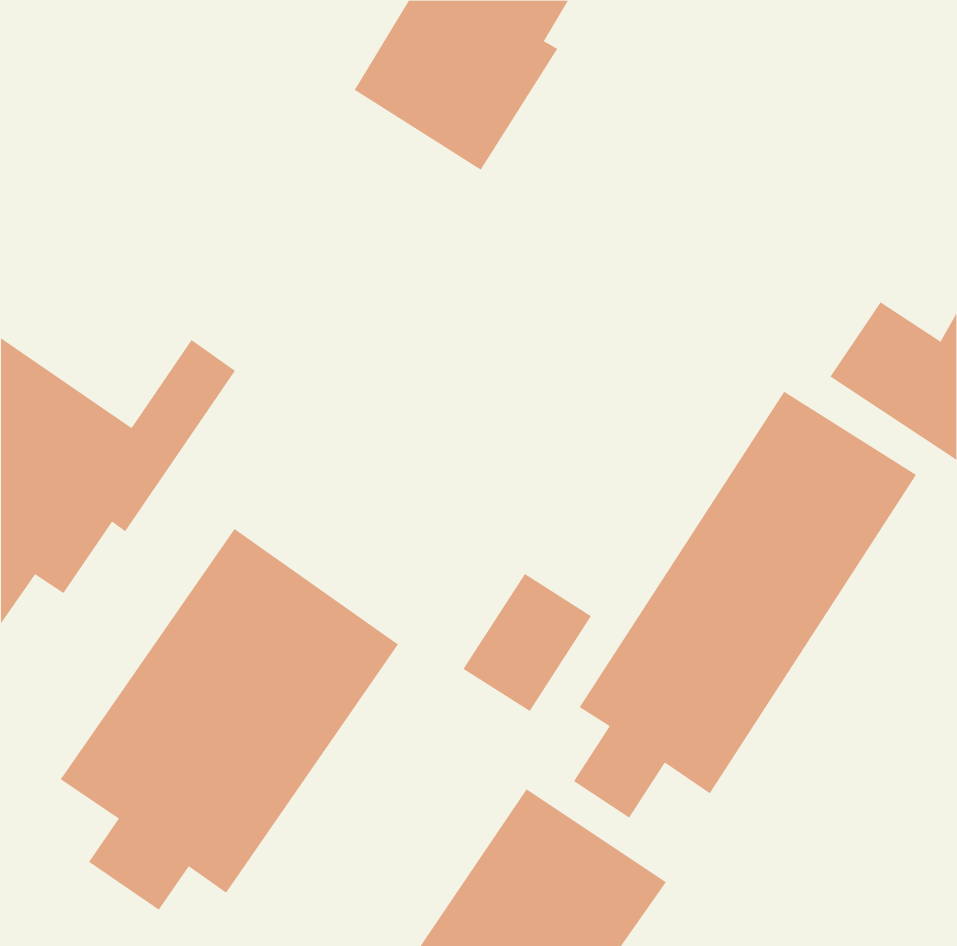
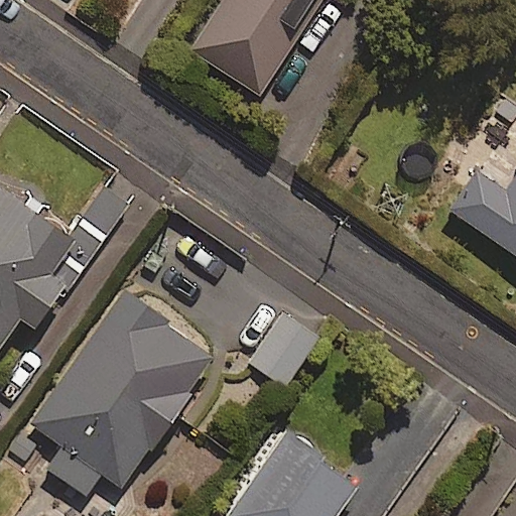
building: [573,391,917,819] -> none

